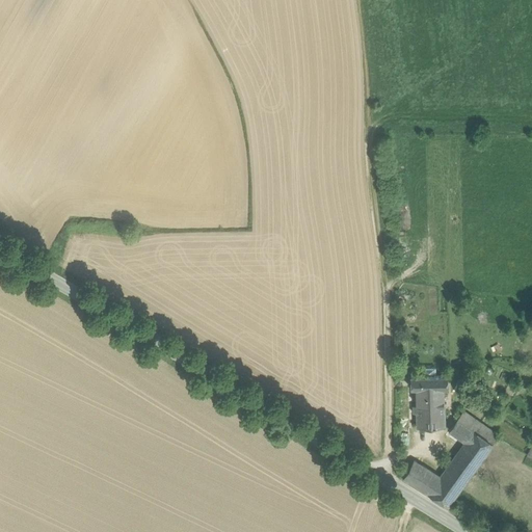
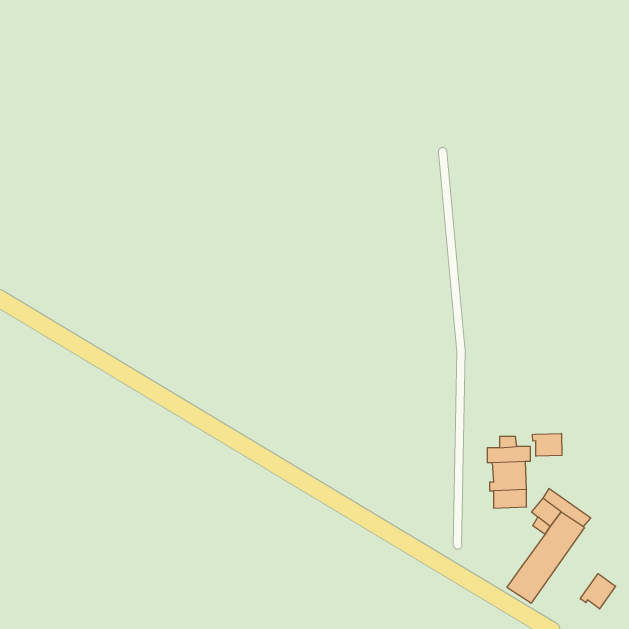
building: none -> [533,433,562,456]
building: [402,462,440,496] -> none
building: none -> [580,574,616,609]

